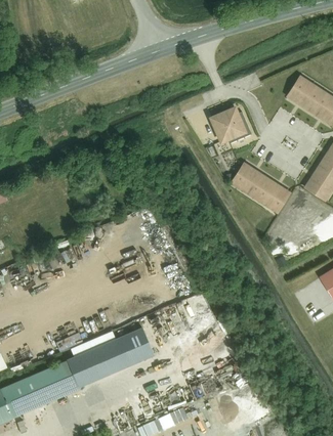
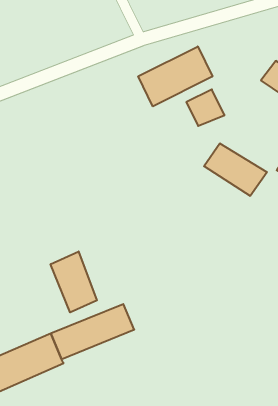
building: none -> [138,46,212,106]
building: none -> [51,251,97,312]

